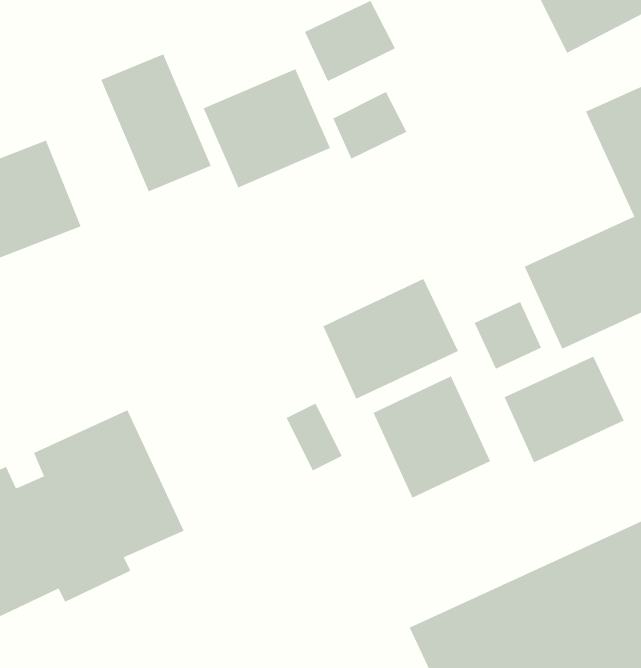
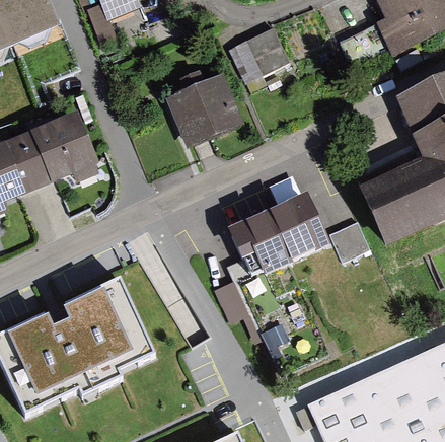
building: [100,53,212,192] -> none
building: [332,91,407,160] -> none
building: [504,356,624,463] -> none
building: [373,376,491,498] -> none

